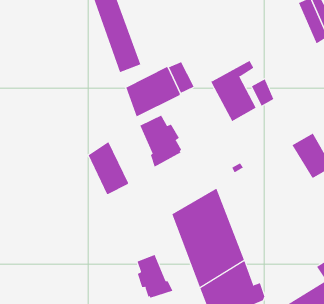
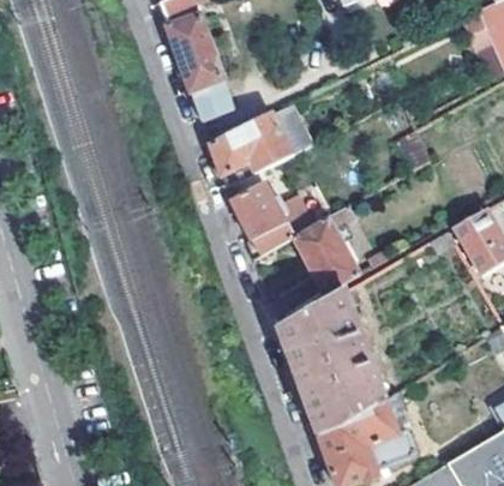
building: [210,60,256,122] -> [290,204,358,294]
building: [88,141,129,195] -> none
building: [137,254,173,299] -> none

